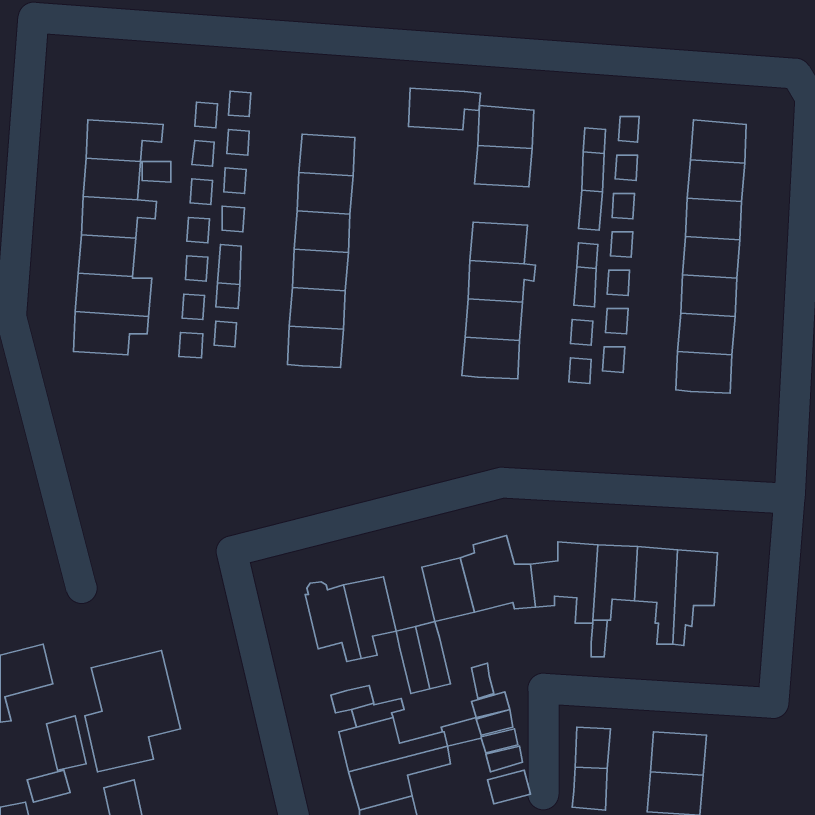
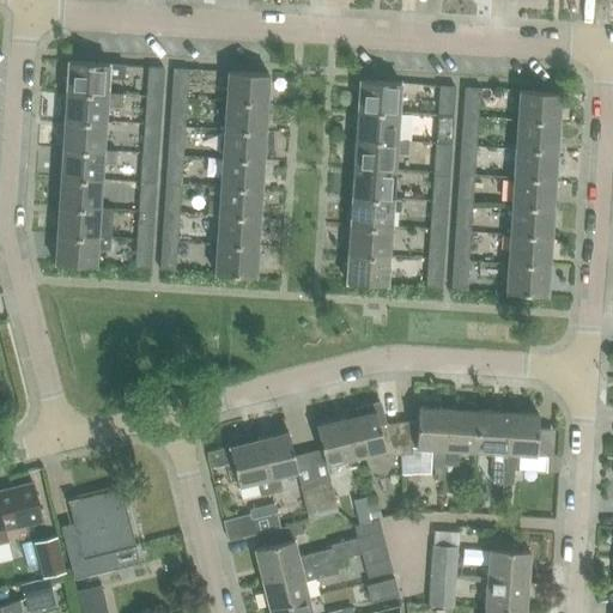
building: none -> [67,62,126,93]
building: [409,88,481,130] -> [356,139,409,170]
building: none -> [227,72,269,104]

